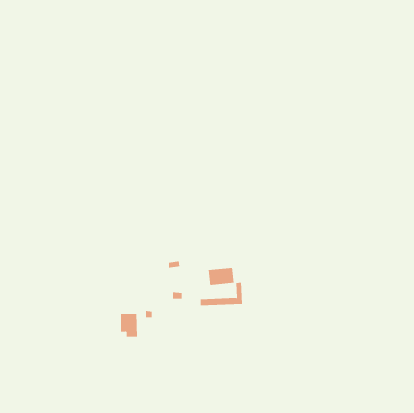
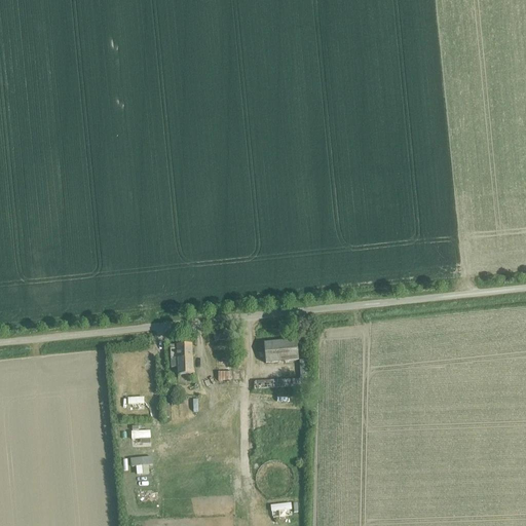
building: [120,313,138,337] -> [170,342,192,372]

